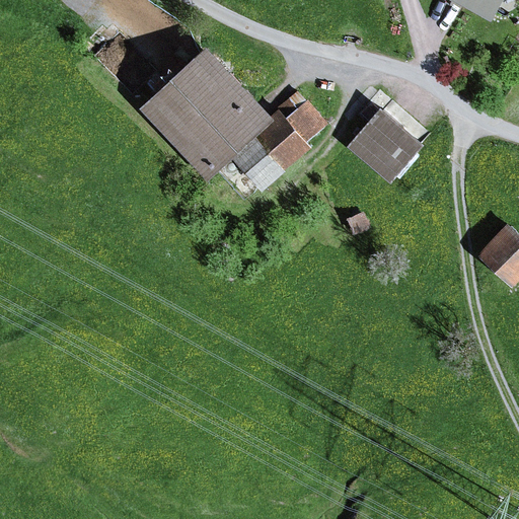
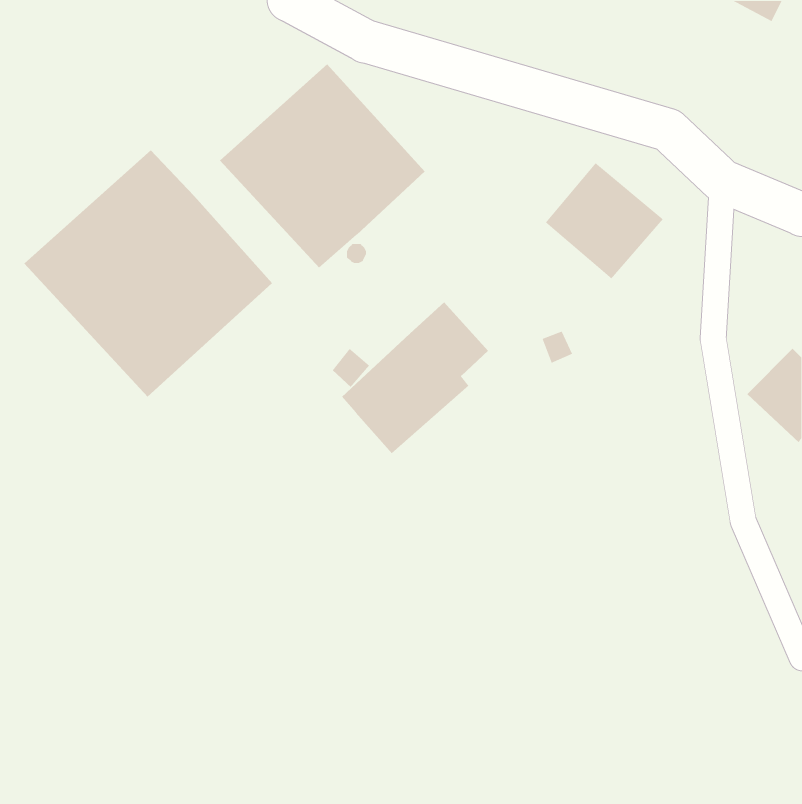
building: [228,94,322,192] -> [341,302,489,454]
building: none -> [24,149,273,397]

